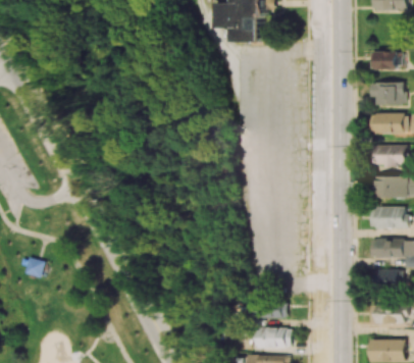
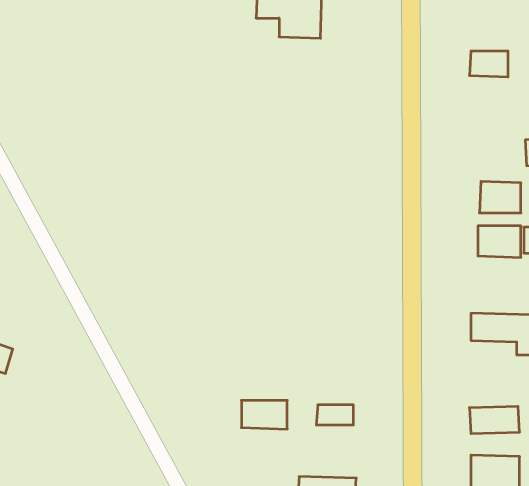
building: [370,82,405,105] -> none
building: [370,112,407,134] -> none
building: [371,206,407,227] -> none
building: [376,269,399,288] -> none
building: [259,327,292,348] -> [241,400,287,429]

